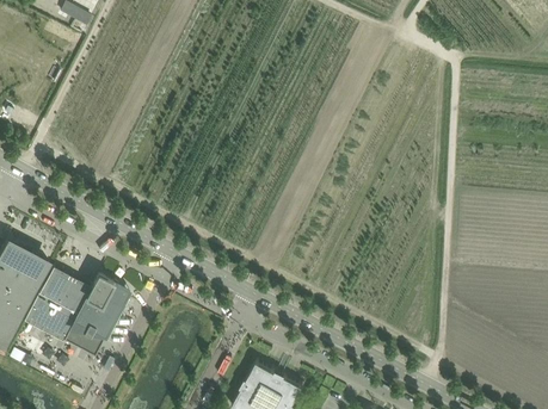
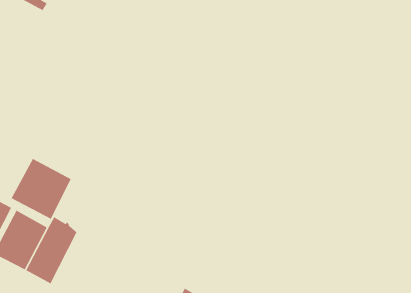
building: none -> [10,158,72,220]

